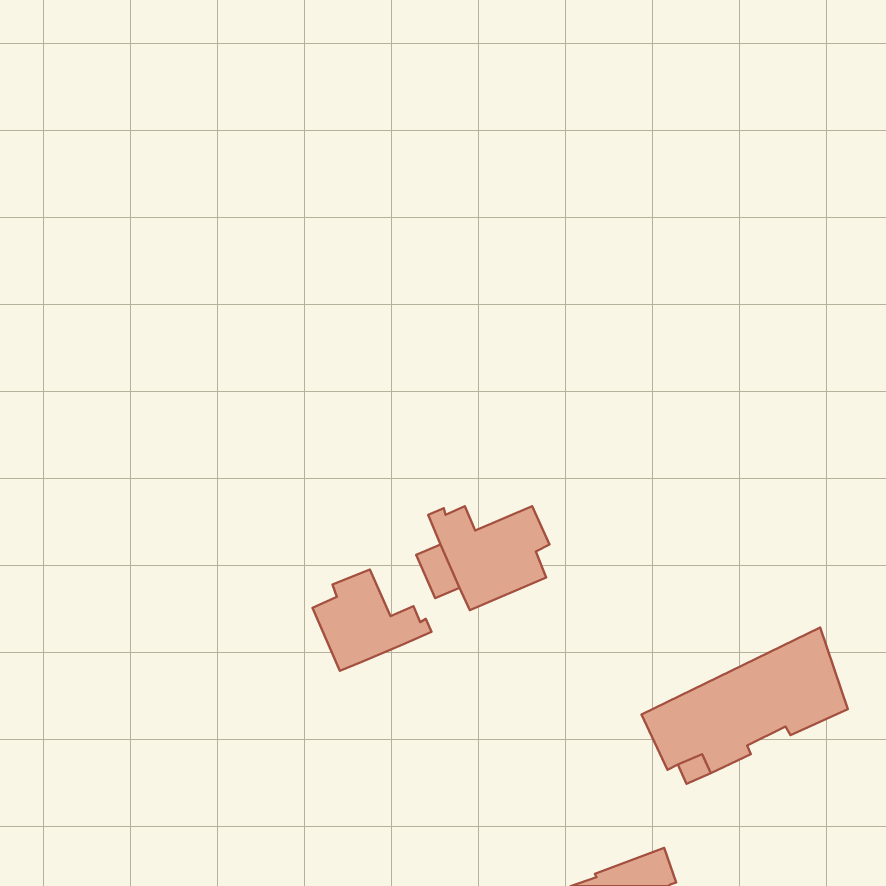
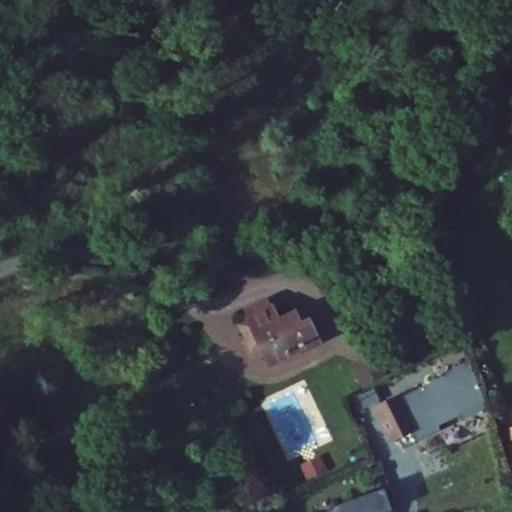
building: [313,569,431,671] -> none

